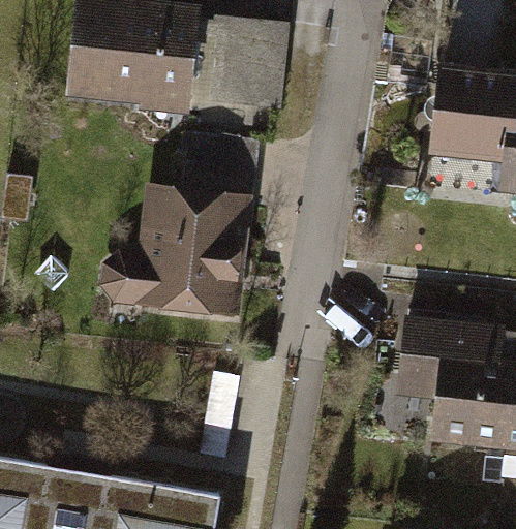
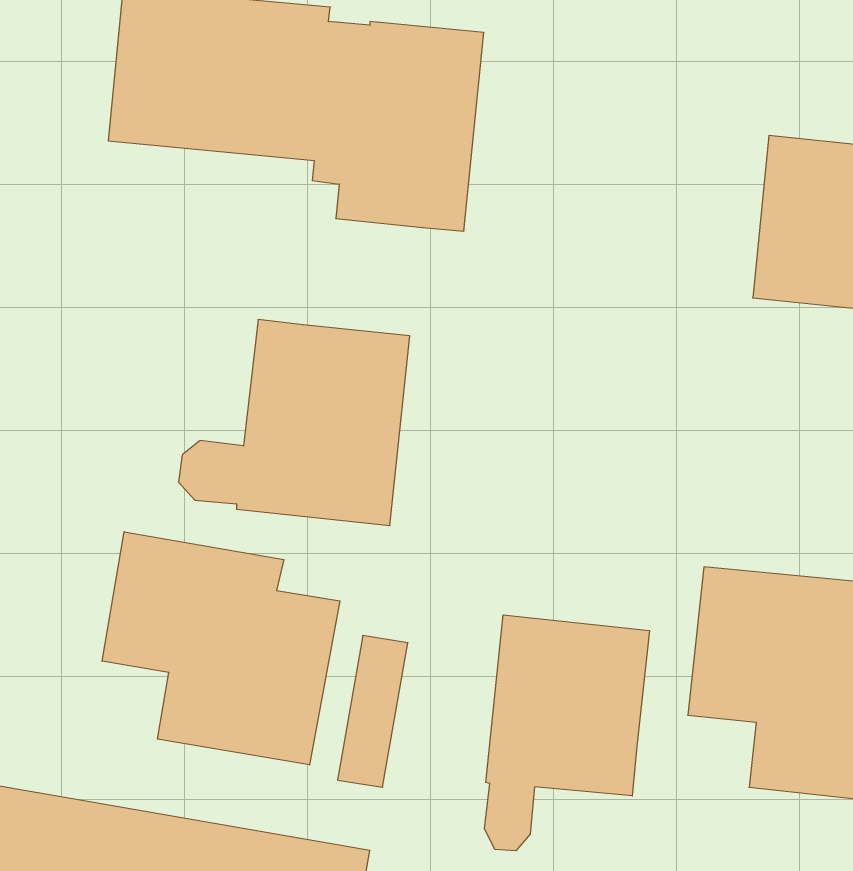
building: [180,132,248,200] -> none
building: none -> [102,532,340,765]
building: none -> [484,615,649,851]

